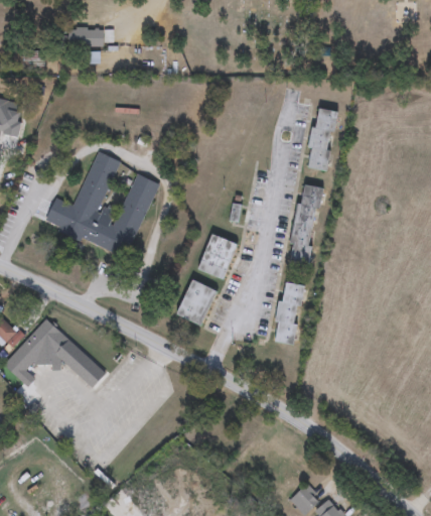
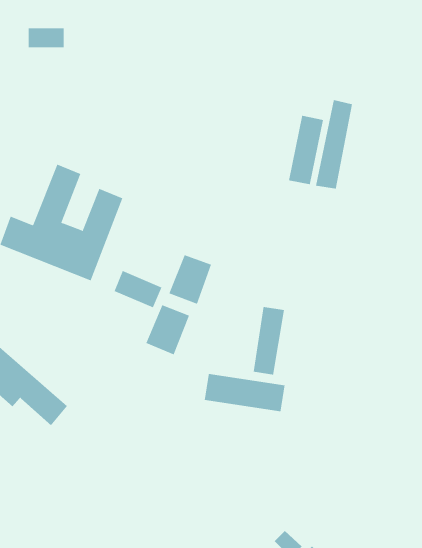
building: [288,183,322,265] -> [315,100,353,189]
building: none -> [114,270,162,308]
building: none -> [204,373,285,412]

